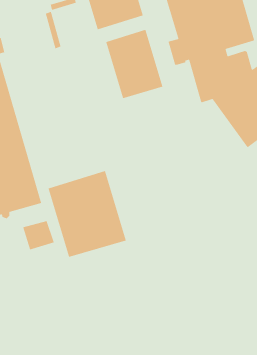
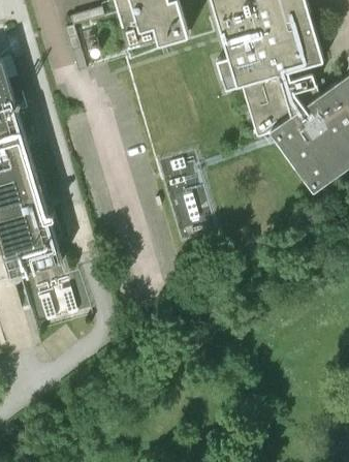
building: [105,29,163,99] -> none
building: [48,170,126,258] -> none

